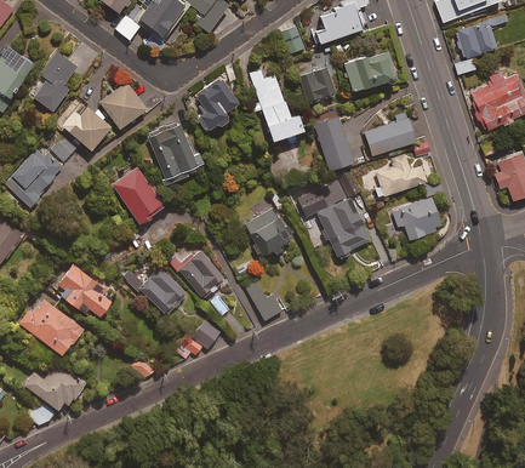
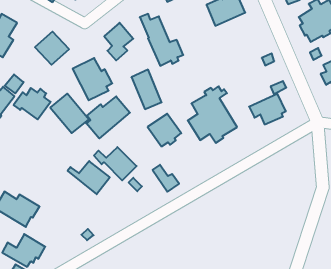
building: [299,67,335,101] -> none
building: [58,104,110,149] -> [14,88,51,119]
building: [365,112,416,155] -> none
building: [314,114,353,169] -> [131,70,162,109]
building: [375,154,427,198] -> none
building: none -> [86,96,130,138]
building: [57,263,109,313] -> none
building: [179,319,222,355] -> none

